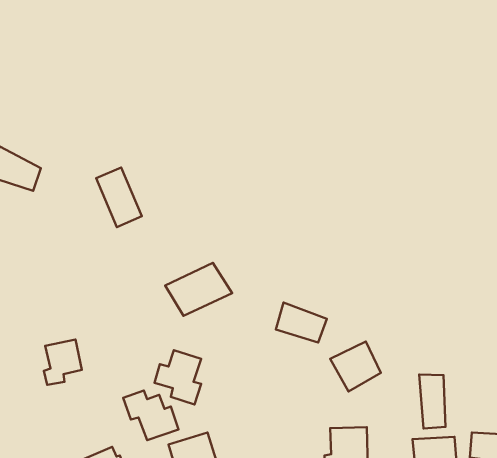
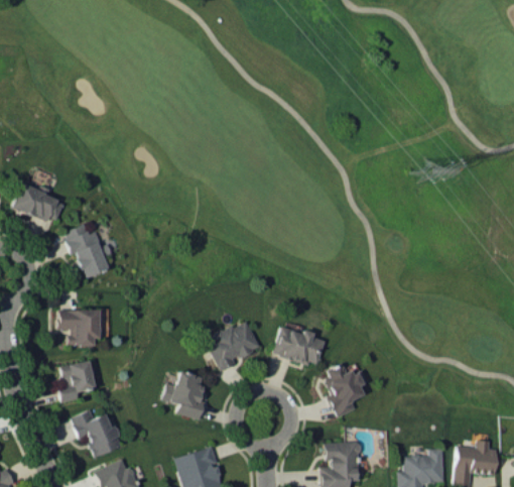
building: [96,167,142,227] -> [65,223,107,278]
building: [165,263,232,316] -> [205,320,267,369]
building: none -> [55,309,102,349]
building: [419,374,445,428] -> none
building: [123,390,179,440] -> [73,410,124,457]

